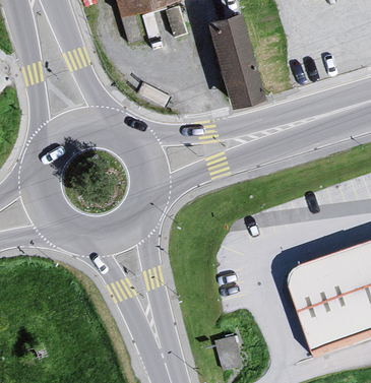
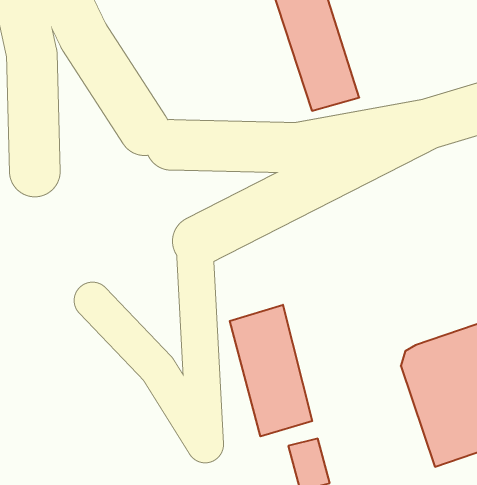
building: none -> [230,305,312,436]

